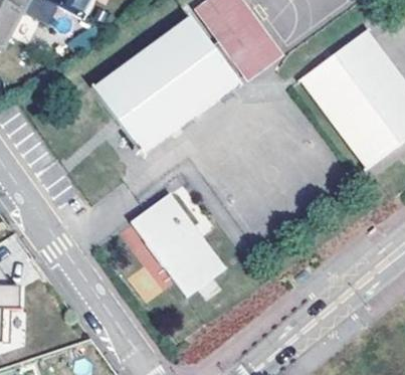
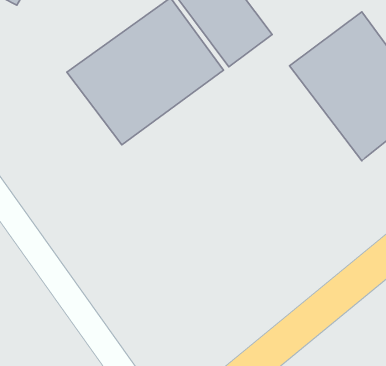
building: [131,194,225,298] -> none

